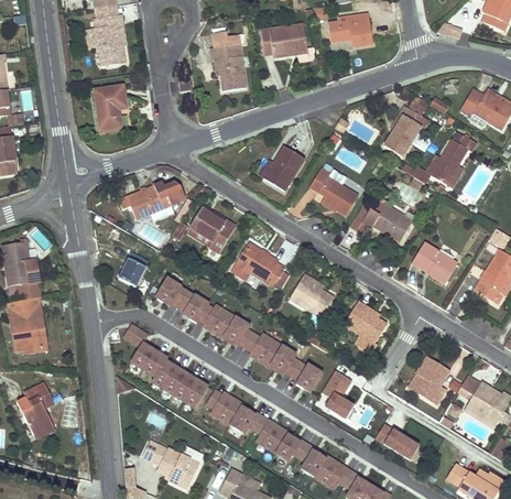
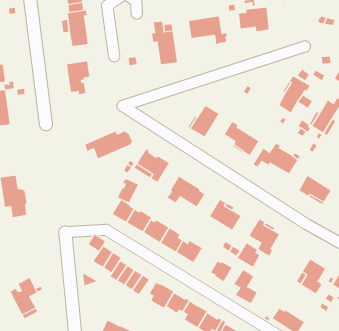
building: [119,252,149,286] -> [117,178,139,203]
building: [9,297,46,351] -> none
building: [269,341,301,376] -> [237,242,260,267]

